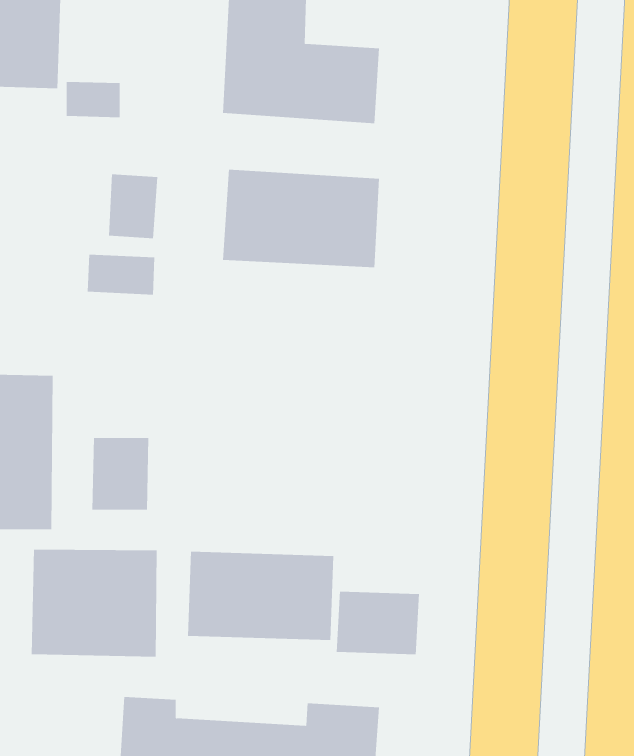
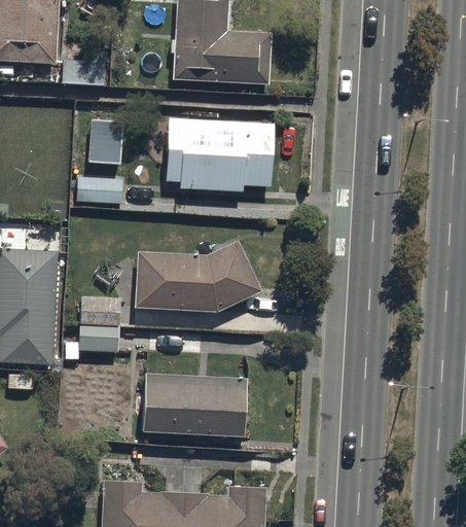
building: none -> [139,239,266,308]
building: [31,549,157,658] -> none
building: [336,591,419,655] -> none

